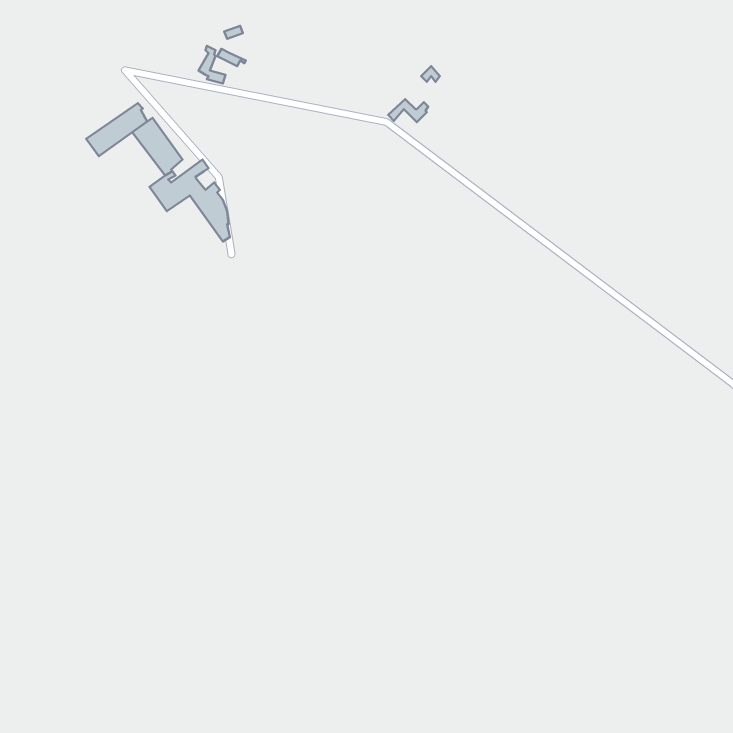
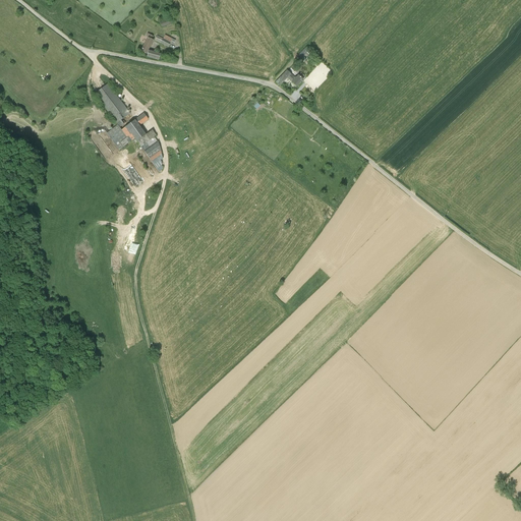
building: [86,103,147,156] -> none

